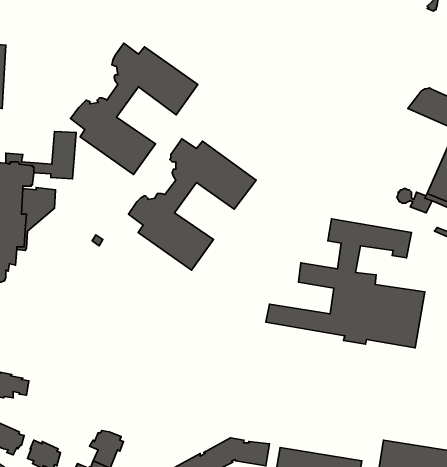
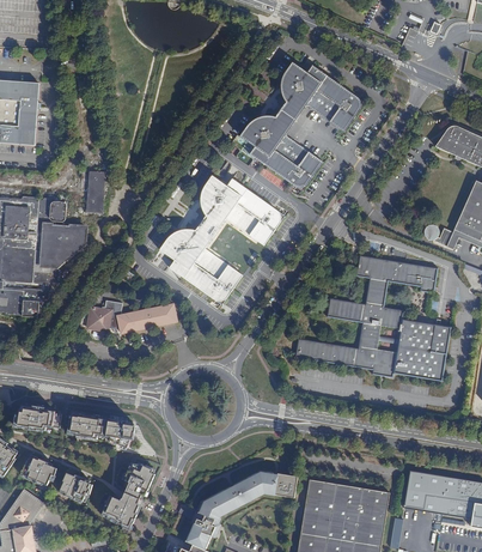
building: [70,43,198,174] -> [239,61,365,190]
building: none -> [87,299,177,333]
building: none -> [67,413,133,439]

